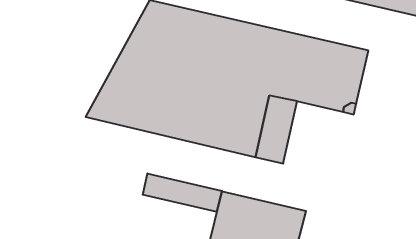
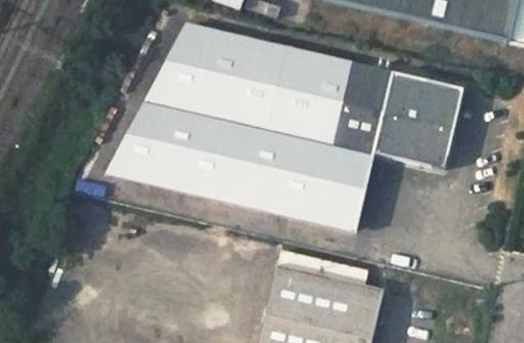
building: [143,173,222,212] -> none

